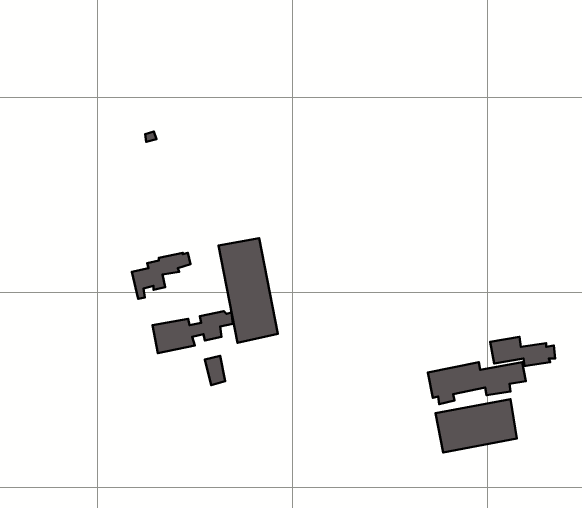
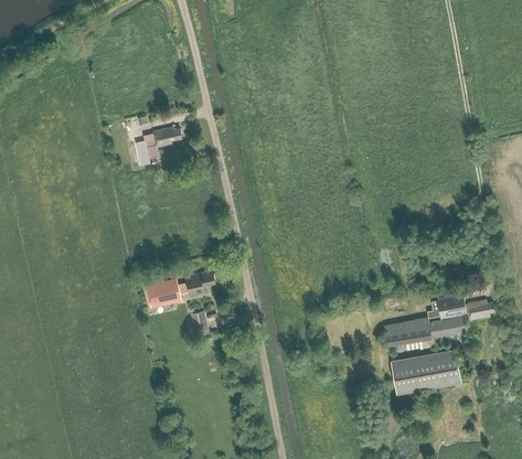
building: [219,238,278,343] -> none
building: [132,253,191,299] -> [130,127,181,167]

